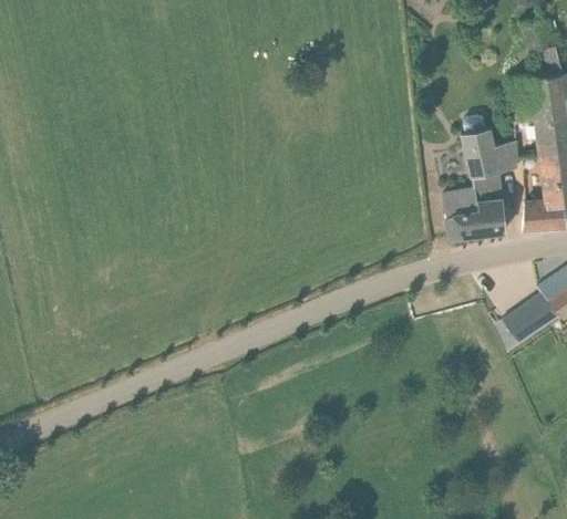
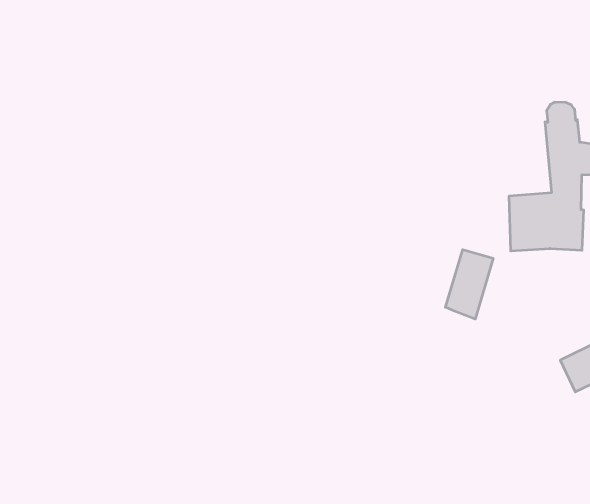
building: none -> [445,250,493,319]

